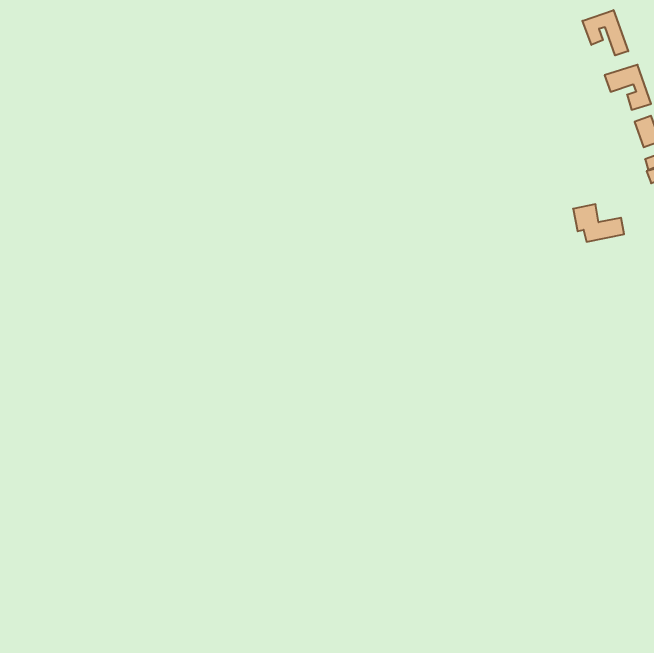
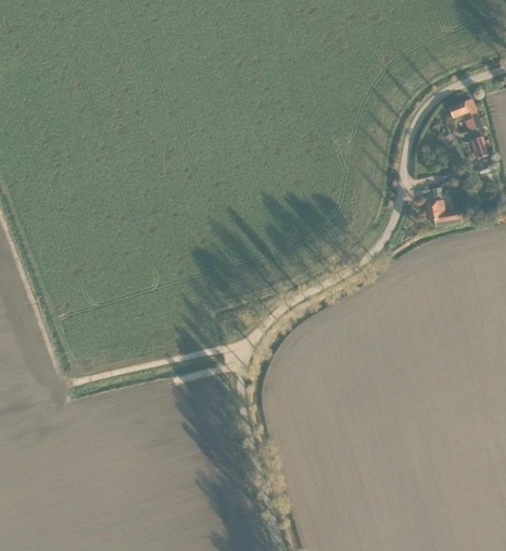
building: [582,10,628,55] -> none

